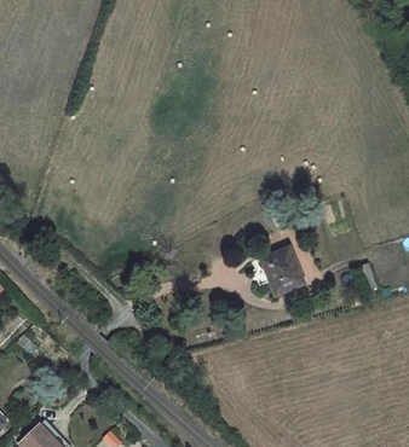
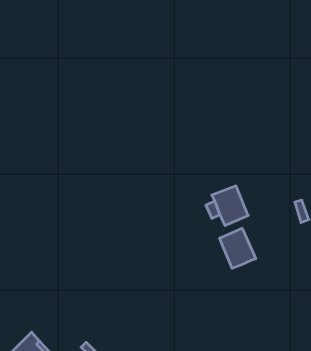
building: none -> [220,228,256,268]

